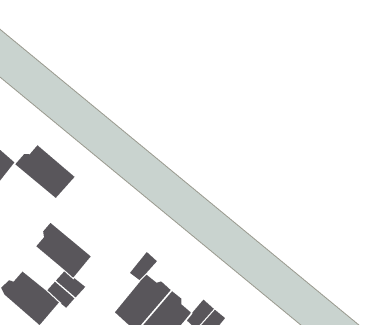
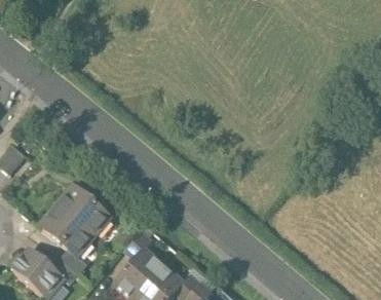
building: [14,144,76,199] -> [56,186,111,234]

